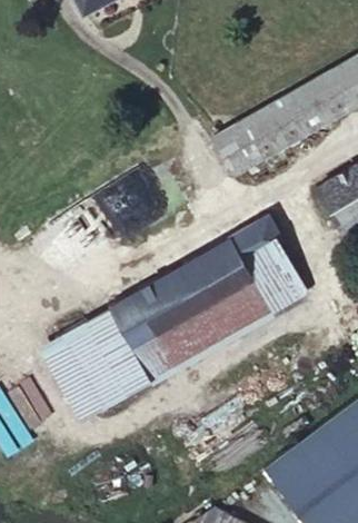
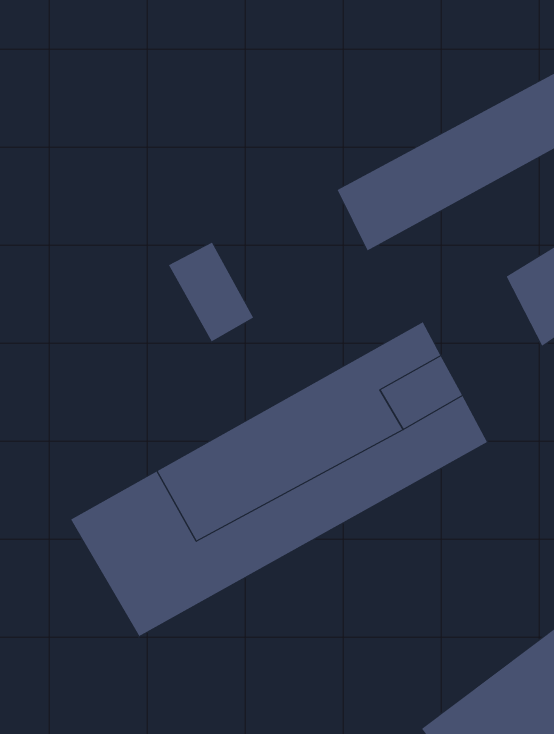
building: none -> [168,242,254,342]

